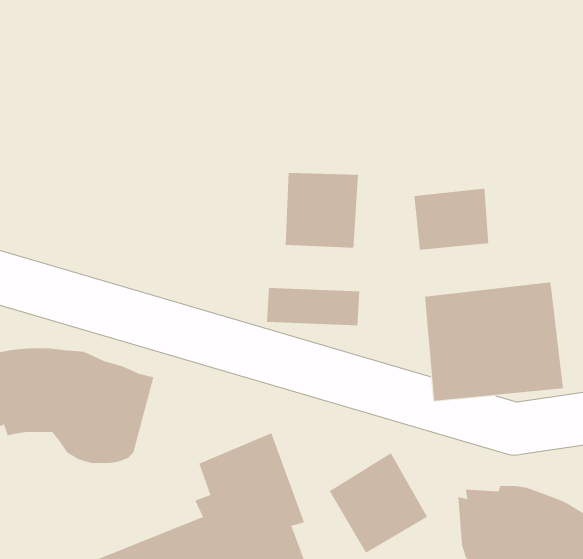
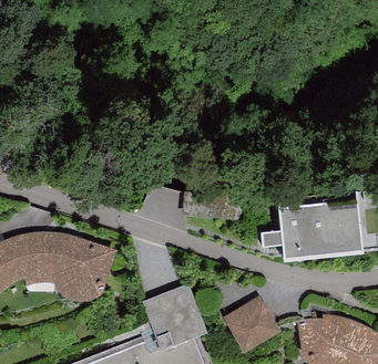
building: [285,172,358,248] -> none
building: [414,188,489,251] -> none

